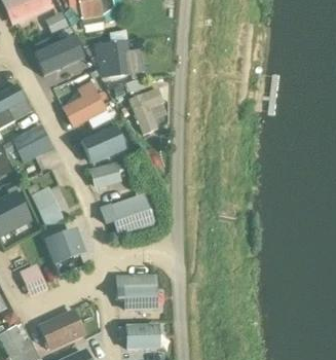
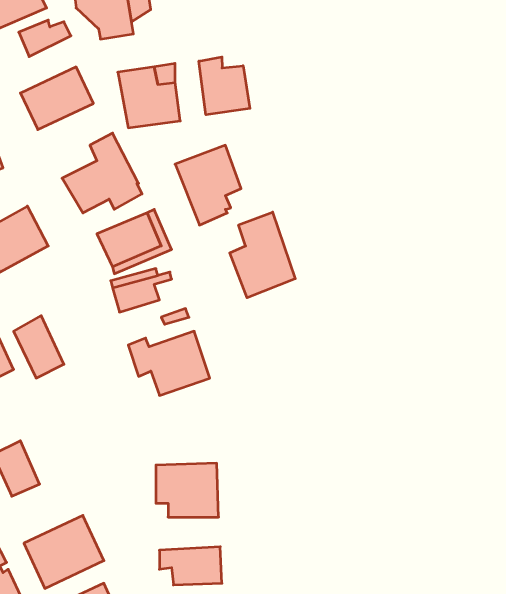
building: none -> [199,57,250,115]
building: none -> [230,212,295,298]
building: [44,227,85,273] -> none

